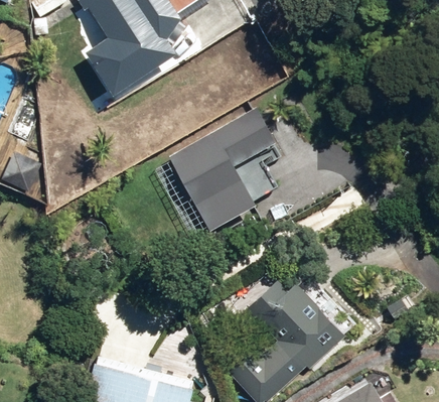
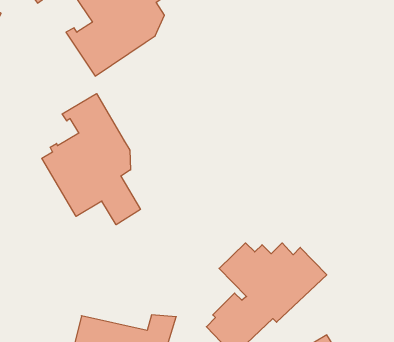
building: [164,109,278,235] -> none
building: none -> [42,94,140,225]

